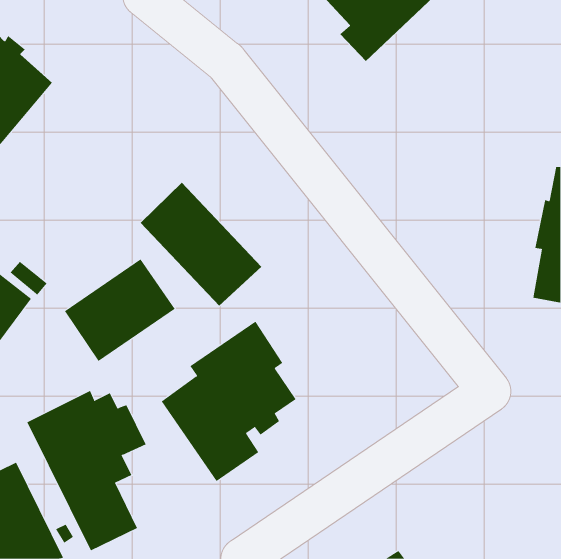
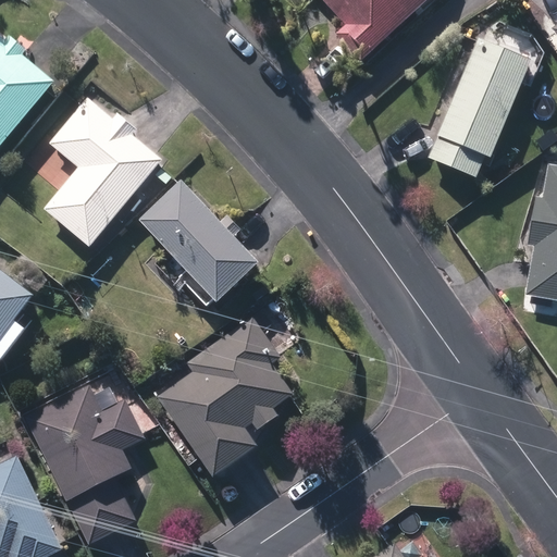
building: none -> [429,39,530,177]
building: none -> [42,97,161,247]
building: [64,259,176,362] -> none

